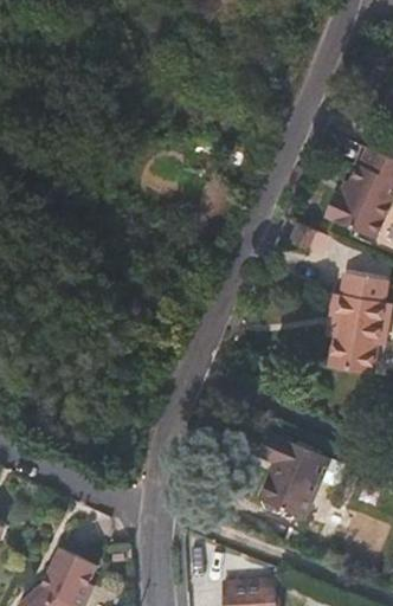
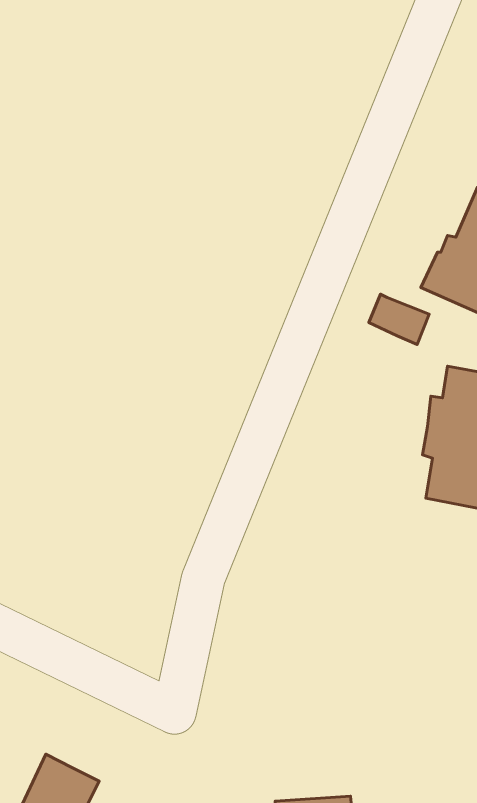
building: [260,432,347,518] -> none

